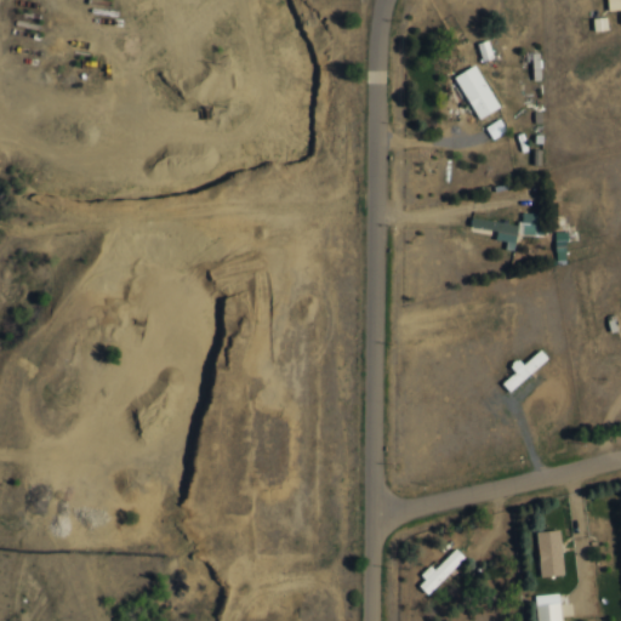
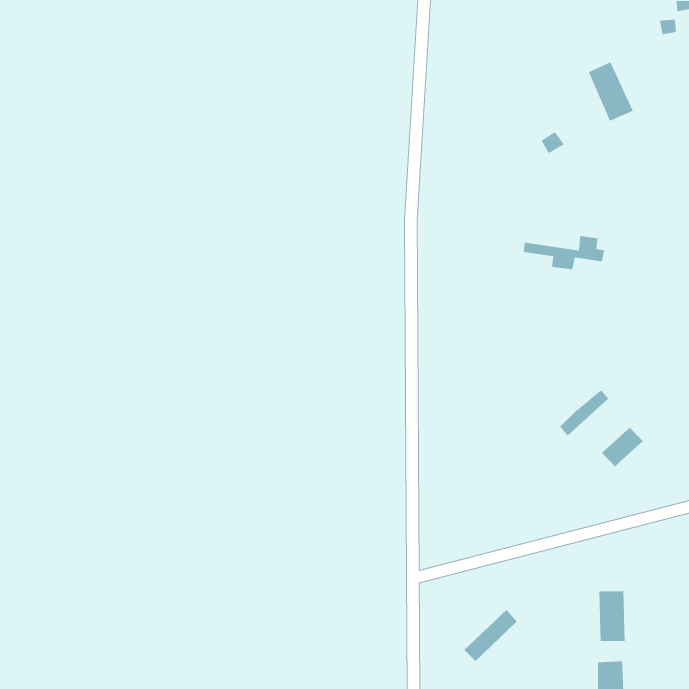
building: [457,65,498,120] -> [588,61,634,122]
building: none -> [601,427,644,467]

